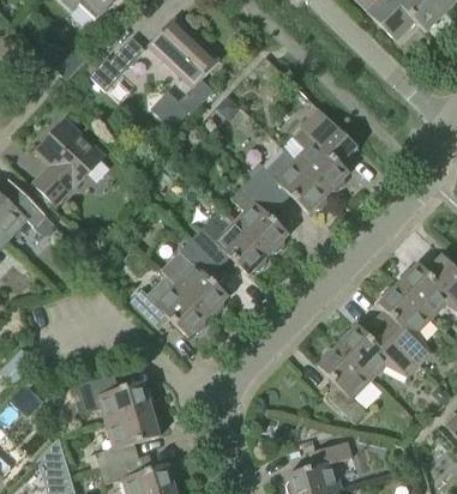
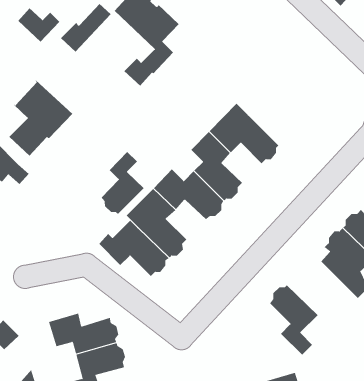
building: [290,108,362,192] -> none
building: none -> [101,151,145,215]
building: [336,319,414,378] -> none

